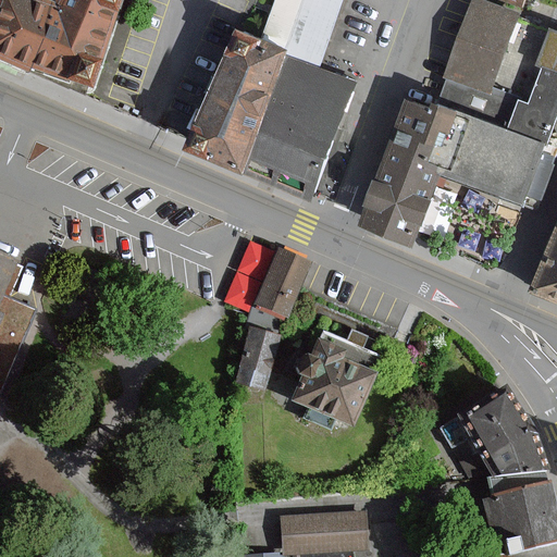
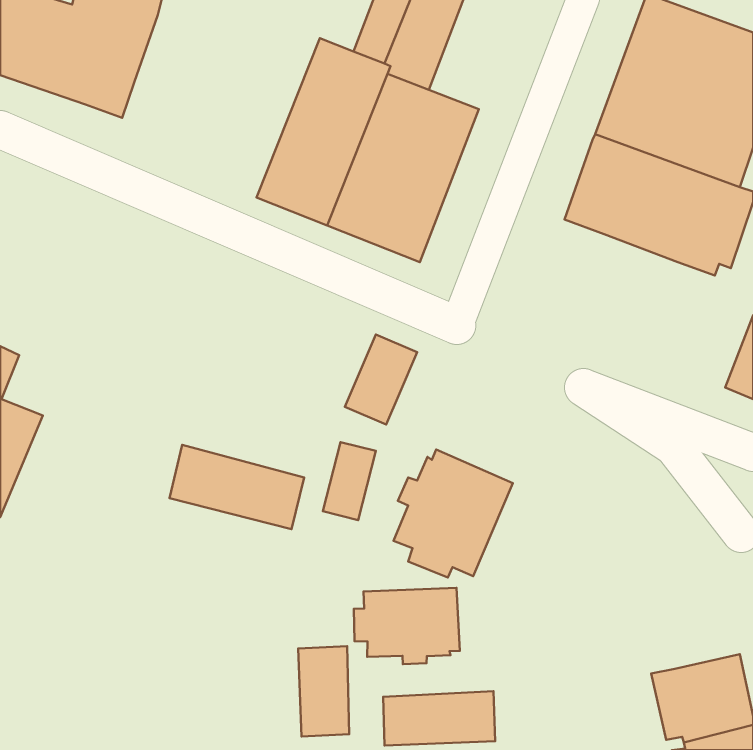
building: [364,94,446,242] -> none
building: none -> [169,445,304,529]
building: [459,385,536,474] -> none
building: none -> [354,588,460,664]
building: none -> [298,646,349,736]

